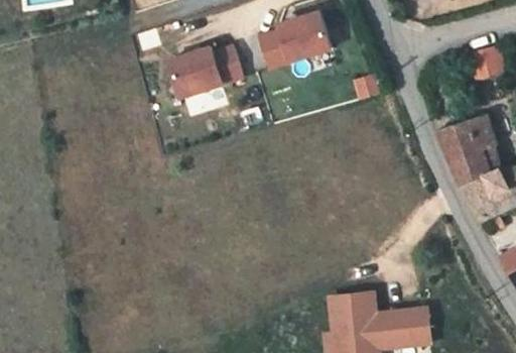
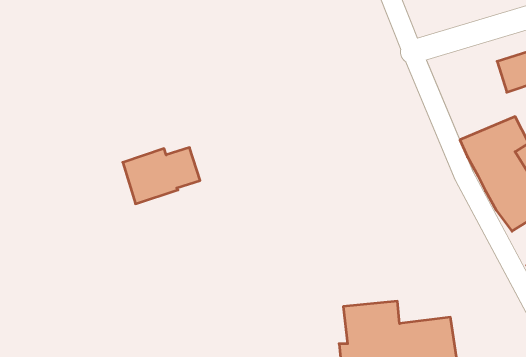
building: [256,12,328,68] -> none
building: [166,45,240,99] -> [123,148,200,204]

